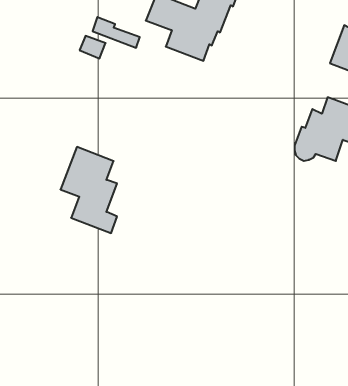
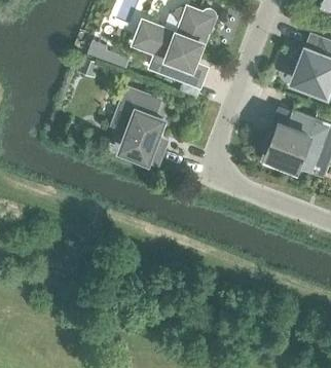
building: [60,147,117,233] -> [113,89,162,164]

